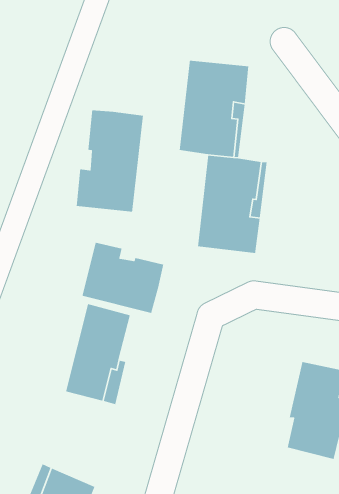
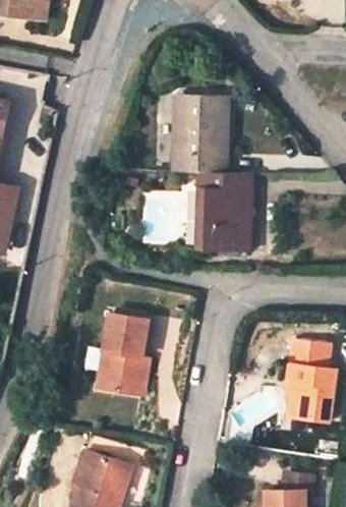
building: [76,110,144,213] -> none
building: [82,242,164,314] -> none

